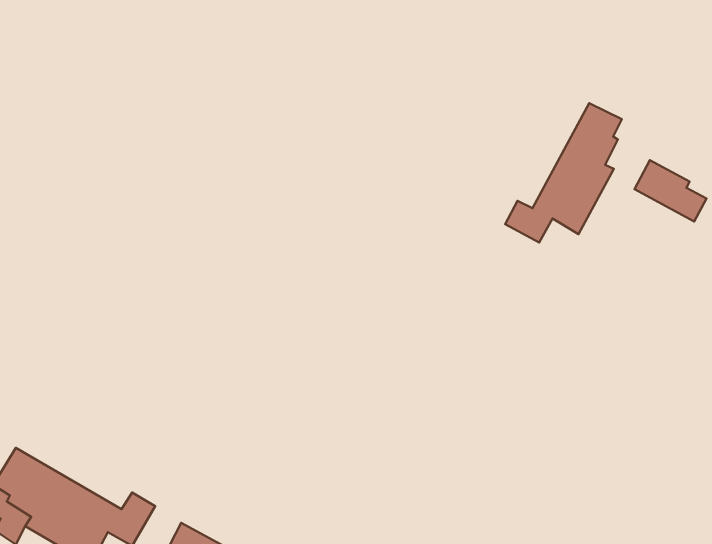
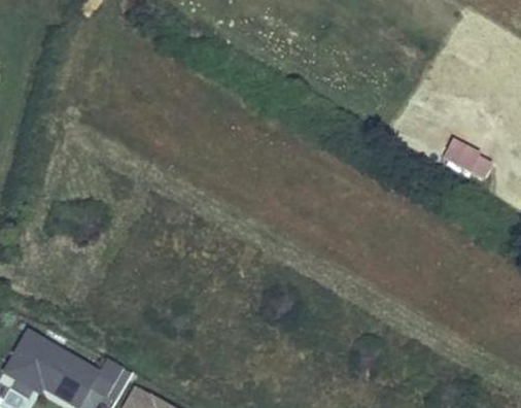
building: [505,103,622,243] -> none

